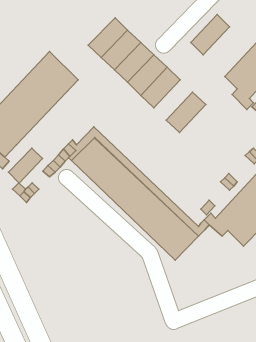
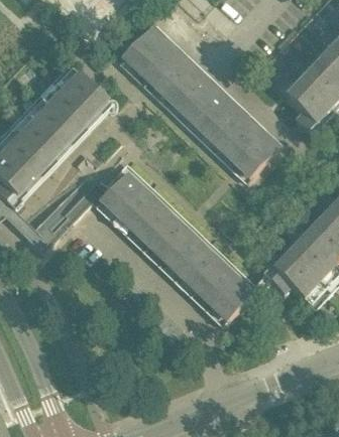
building: [191,15,229,55] -> [198,102,245,151]
building: none -> [229,132,277,181]
building: [9,148,43,183] -> none

